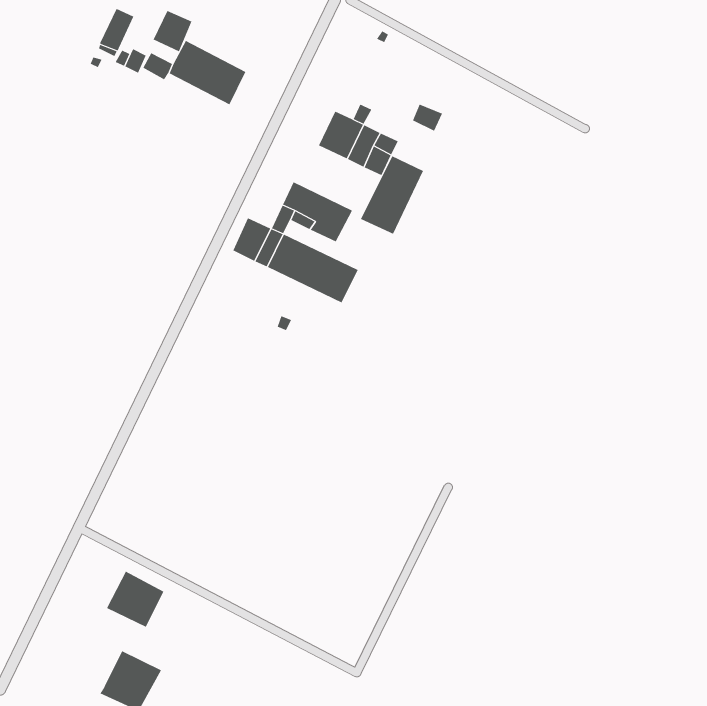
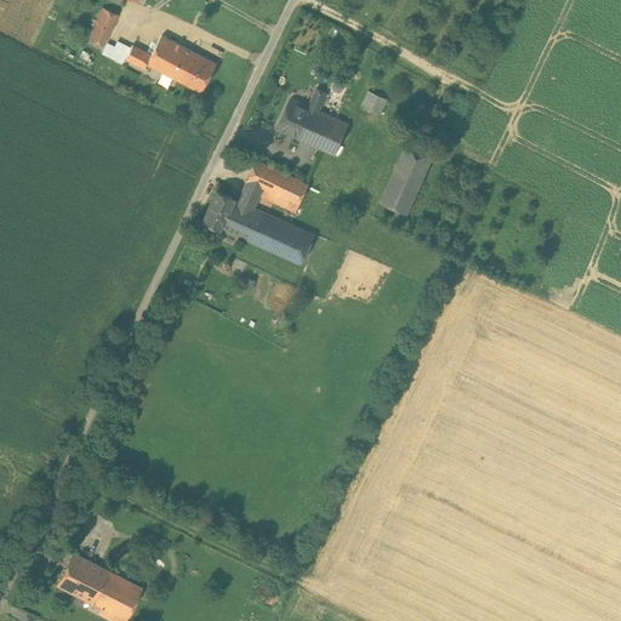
building: [153,10,192,52] -> none
building: [360,156,424,235] -> [378,147,434,216]
building: [106,571,164,628] -> [56,553,107,603]

